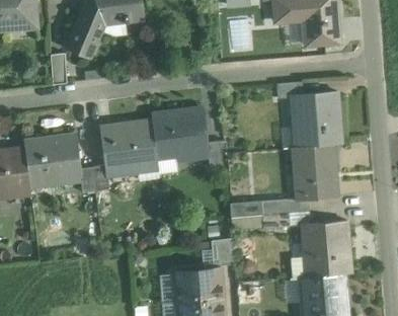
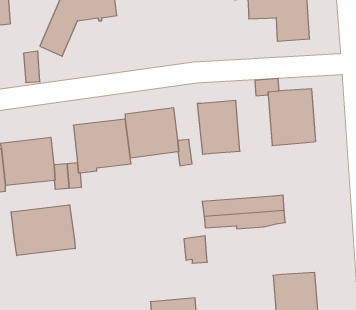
building: [294,144,336,198] -> [197,100,240,154]
building: none -> [11,205,75,256]
building: [302,221,350,275] -> none
building: [174,268,221,303] -> none

